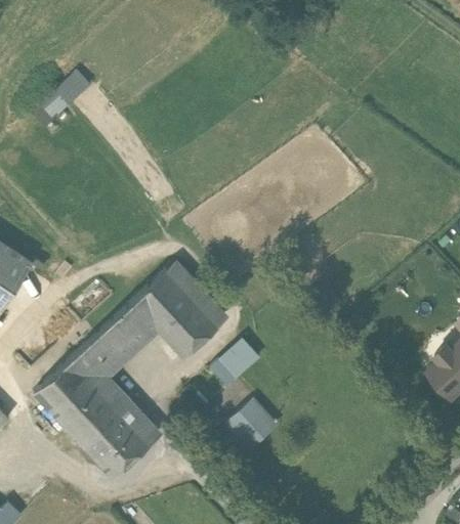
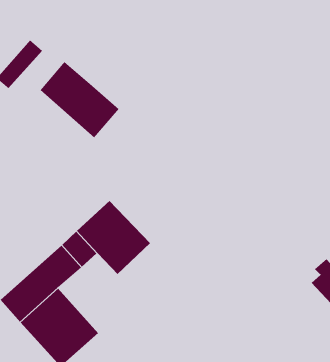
building: none -> [40,61,120,138]
building: [209,340,258,388] -> none
building: [224,399,279,452] -> none

